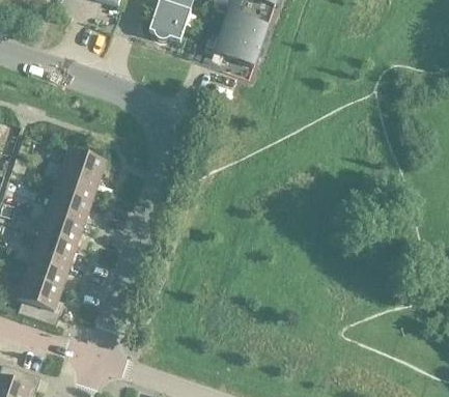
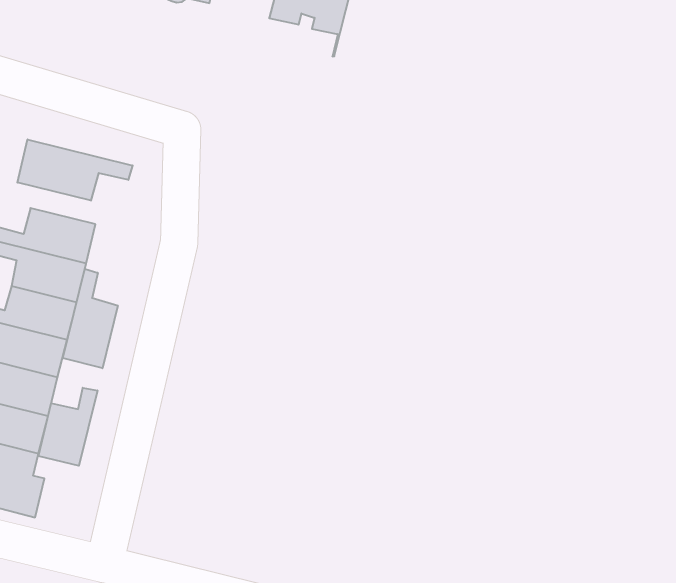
building: none -> [17,139,133,201]
building: none -> [63,269,118,368]
building: none -> [38,388,97,466]

